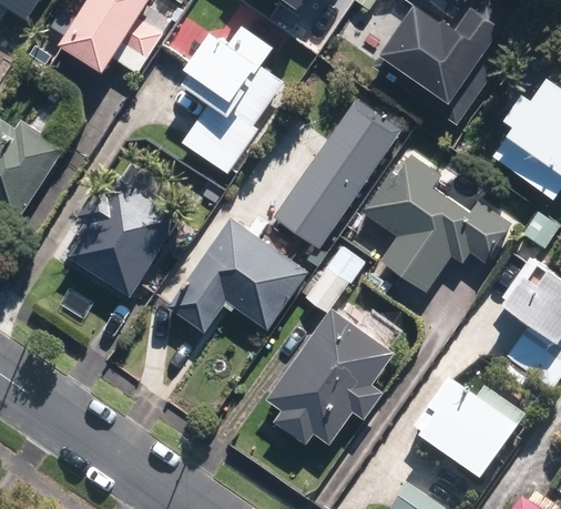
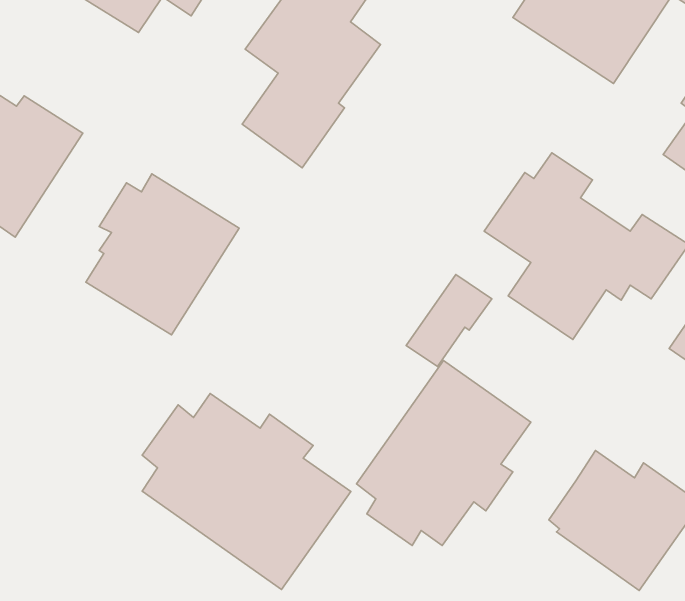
building: [275,103,400,251] -> none
building: [166,213,309,328] -> none
building: none -> [142,394,351,590]

